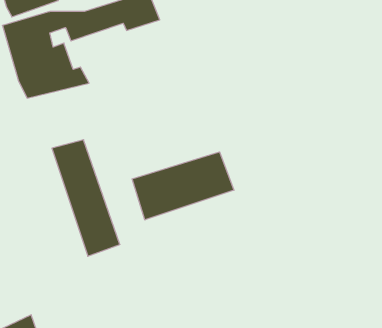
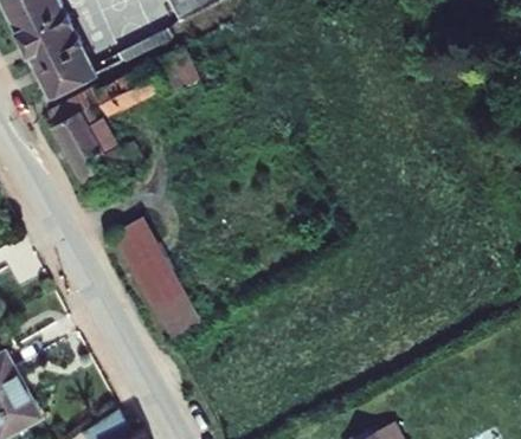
building: [132,152,234,220] -> none

